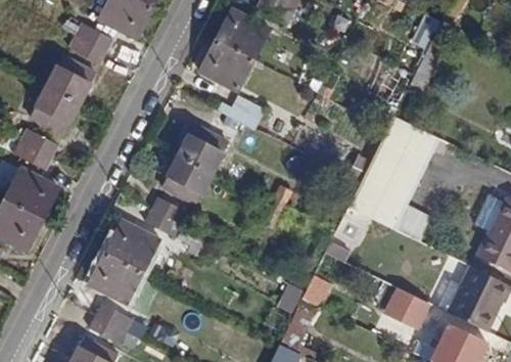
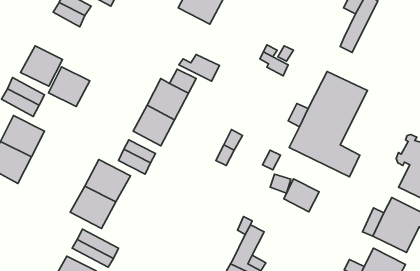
building: [199,41,253,91] -> none
building: [46,55,95,102] -> [49,67,90,107]
building: [386,288,428,327] -> [284,179,319,212]

